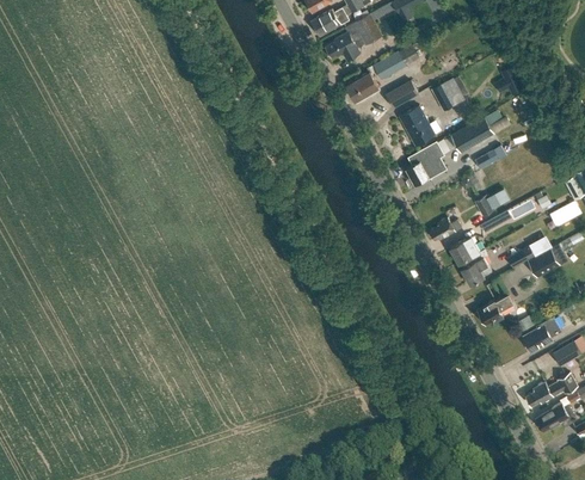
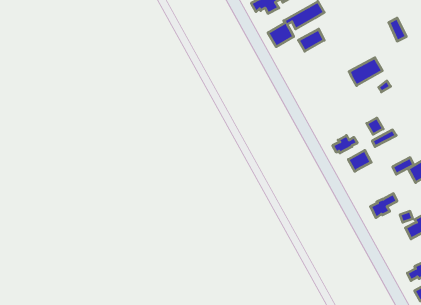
building: [435,78,464,109] -> none
building: [401,104,436,143] -> none
building: [407,140,445,183] -> none
building: [463,248,493,283] -> none

